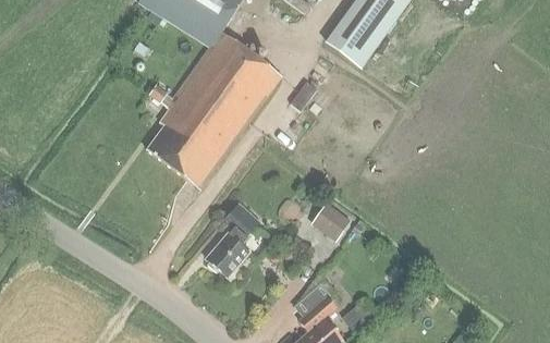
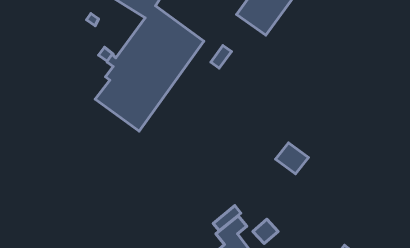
building: [206,201,259,275] -> none
building: [309,201,351,241] -> [276,143,308,174]

